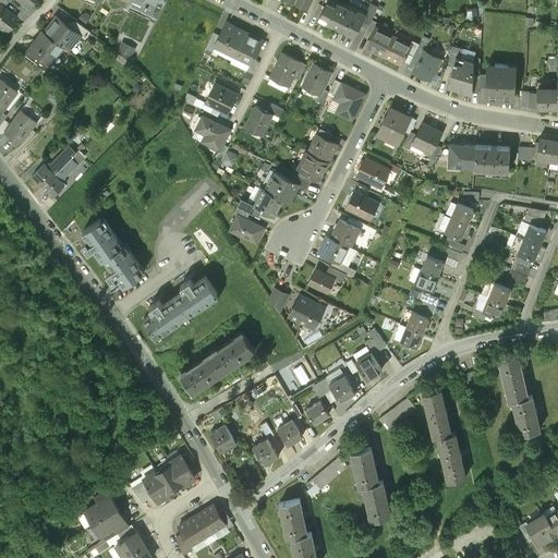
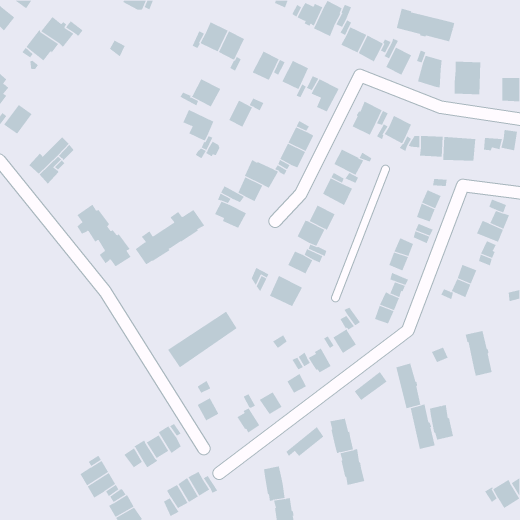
building: none -> [396,8,455,42]
building: [142,279,217,339] -> [135,209,205,265]
building: [513,398,539,436] -> [429,405,454,440]

